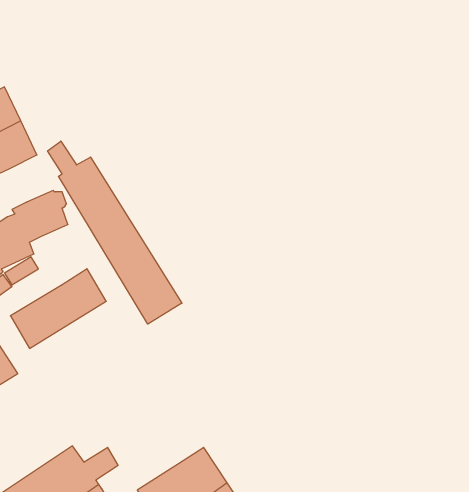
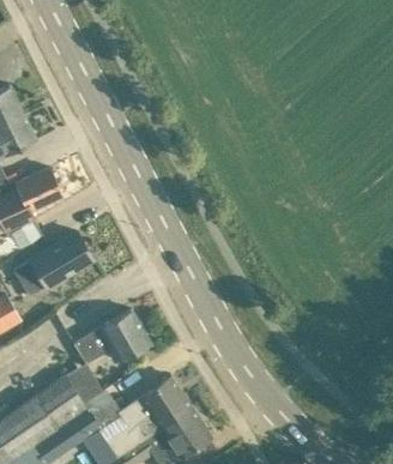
building: [48,141,182,324] -> none
building: none -> [73,312,150,363]

